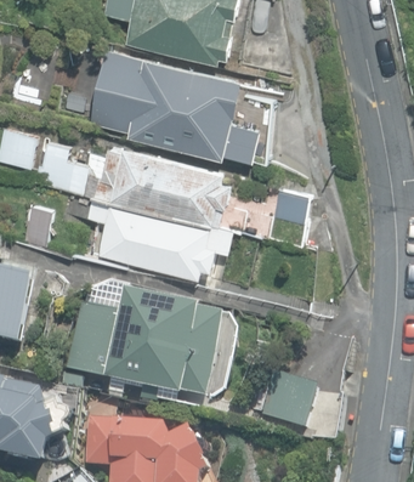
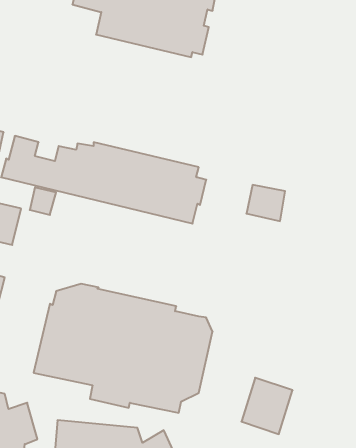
building: [86,46,257,157] -> none
building: [85,193,232,277] -> none

